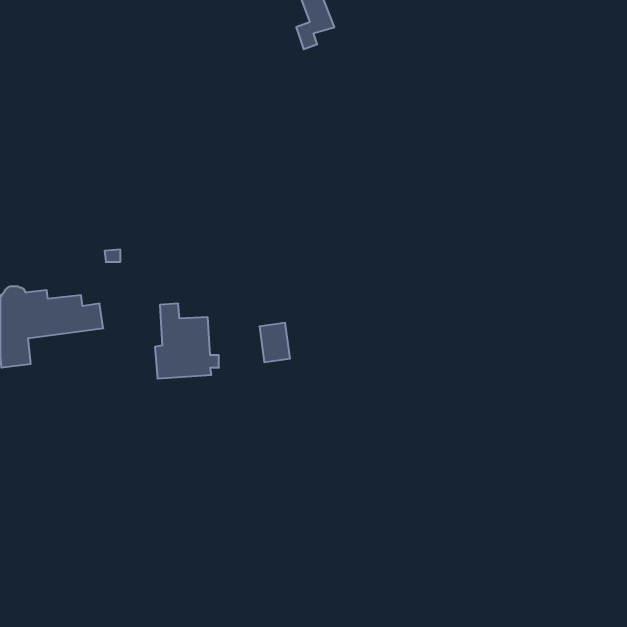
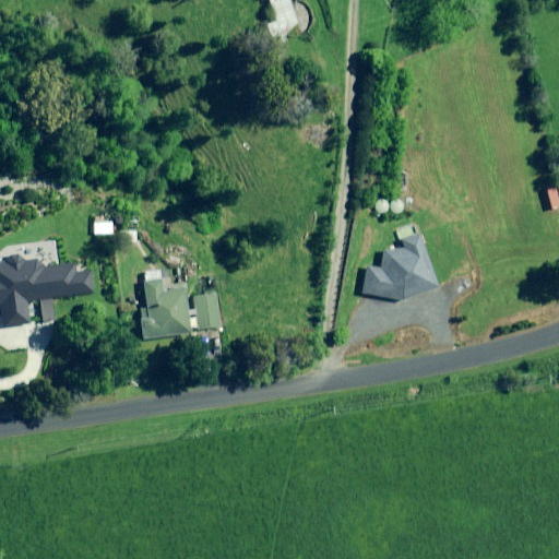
building: none -> [361,234,439,298]
building: [259,323,290,362] -> [193,293,221,328]

